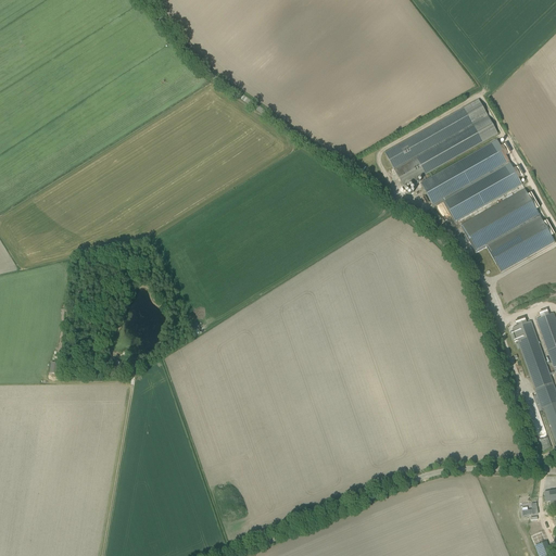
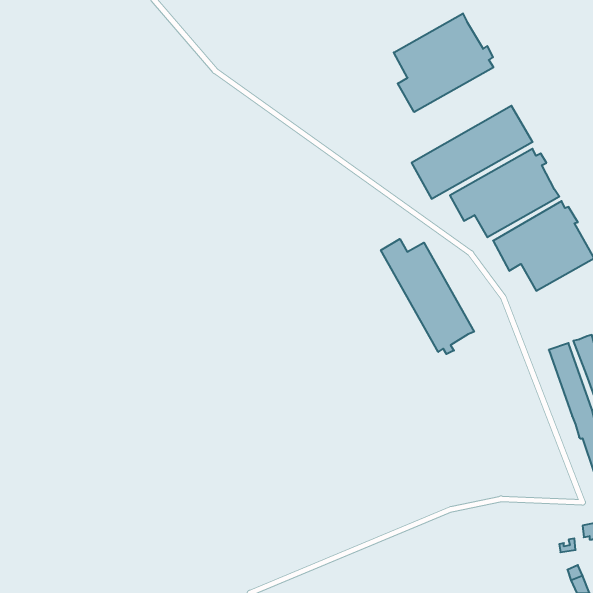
building: none -> [394,13,493,112]
building: none -> [381,239,474,354]

